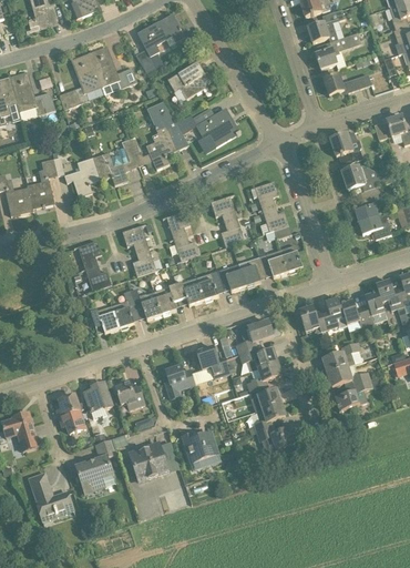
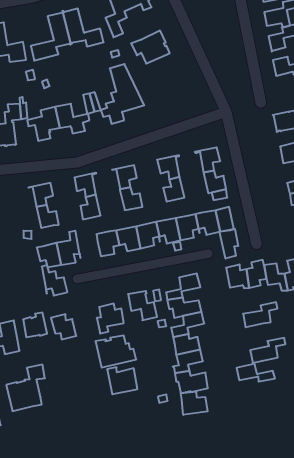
building: [192,106,240,146] -> none
building: none -> [220,229,238,259]
building: [130,287,161,320] -> [42,265,67,296]
building: [327,366,370,386] -> [237,364,275,382]
building: [129,444,175,481] -> [95,335,136,368]
building: none -> [181,392,208,415]

